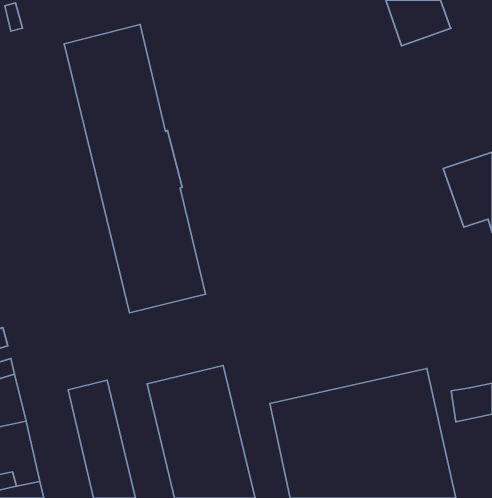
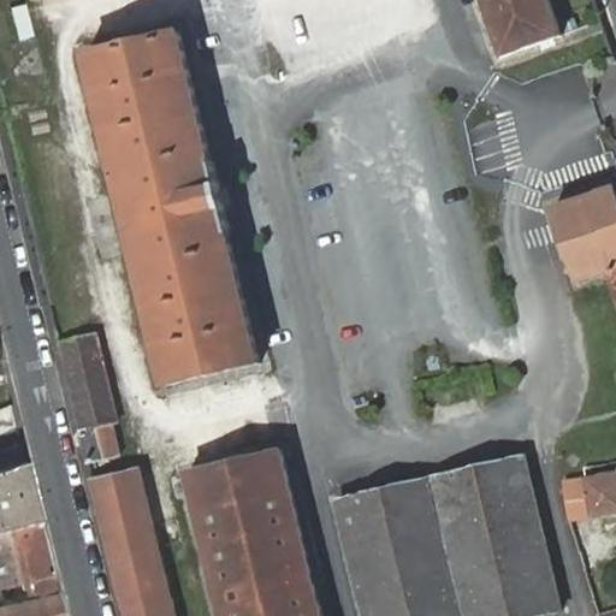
building: none -> [52,333,113,472]

